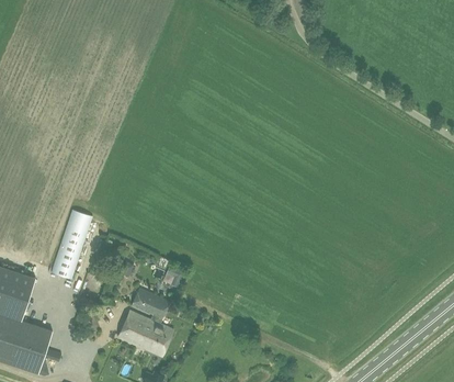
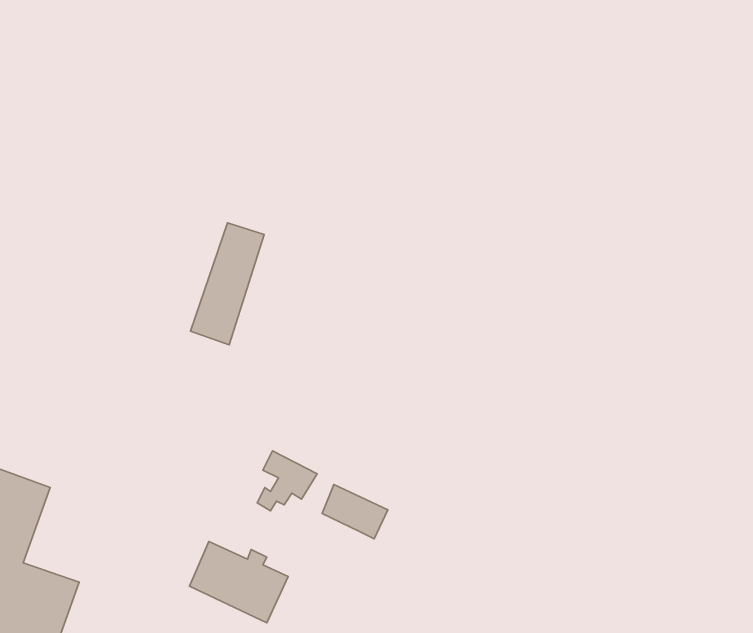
building: [49,210,91,279] -> [191,223,264,345]
building: [130,288,168,318] -> [322,485,388,539]

